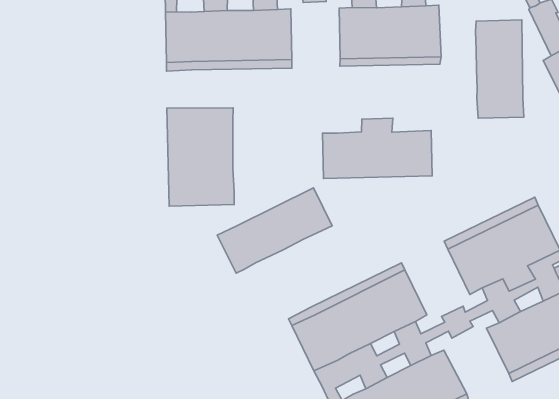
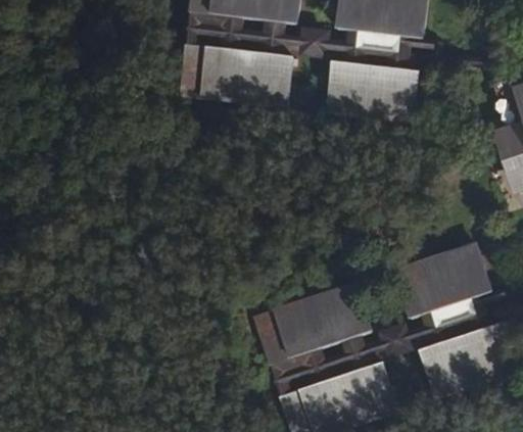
building: [476,20,524,118] -> none
building: [167,108,234,206] -> none
building: [322,118,432,178] -> none
building: [217,188,332,273] -> none

